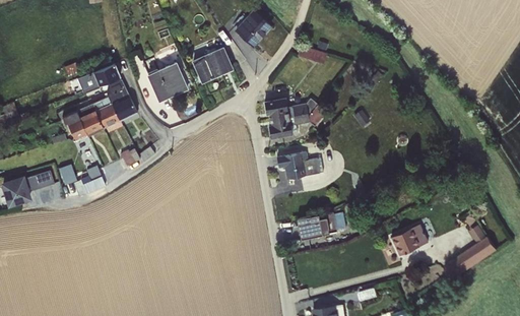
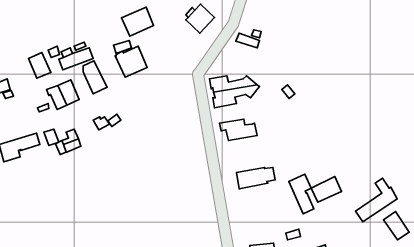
building: [191,47,231,82] -> [121,7,153,36]
building: [91,97,119,128] -> [29,53,51,78]
building: none -> [289,174,314,214]
building: none -> [383,212,409,240]

